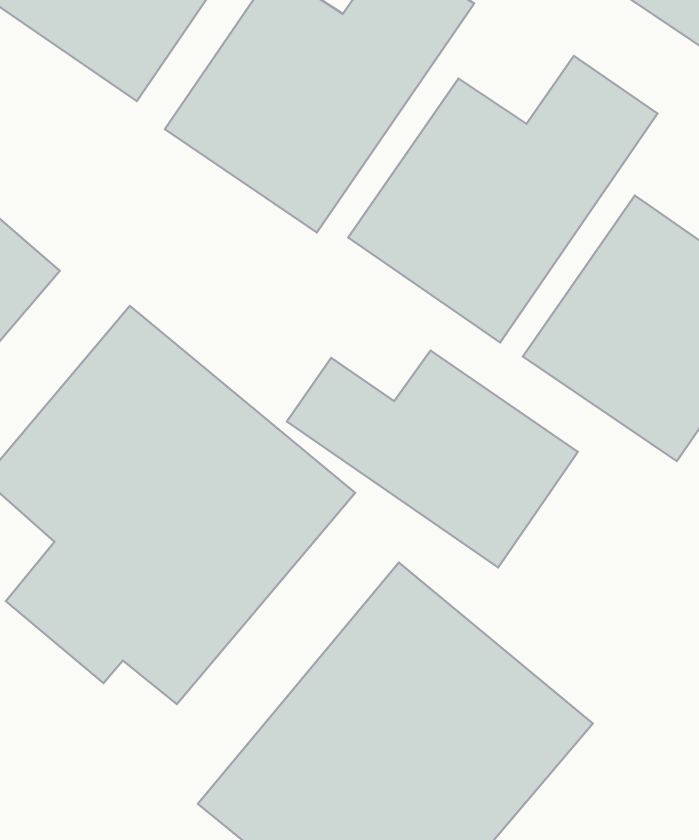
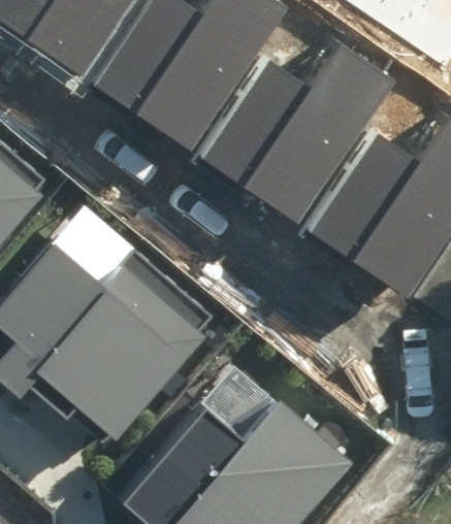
building: [287,351,578,568] -> none

